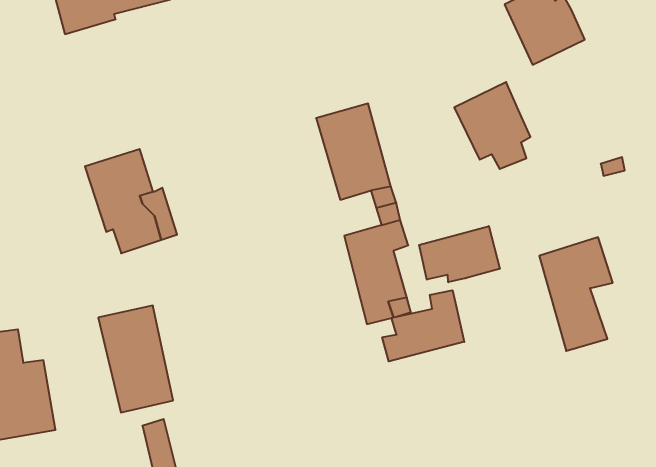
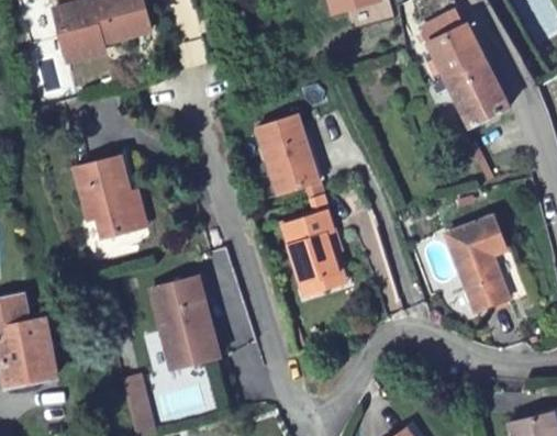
building: [454,82,530,169] -> [443,59,505,131]
building: [419,226,500,282] -> none
building: [382,290,464,361] -> none
building: [98,306,173,413] -> [154,280,215,368]

